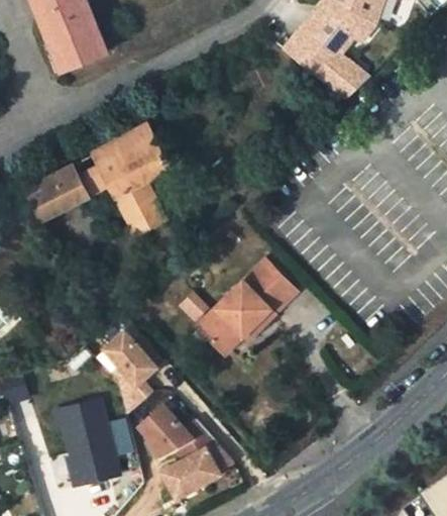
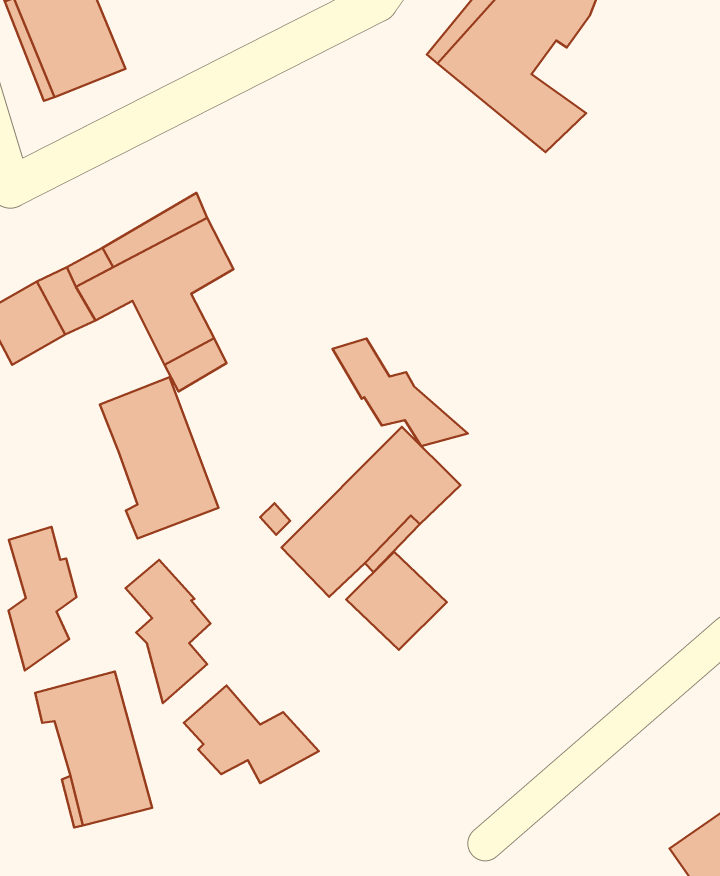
building: none -> [332,339,468,446]
building: none -> [100,377,219,539]
building: none -> [8,527,76,671]
building: none -> [346,552,447,650]
building: [162,442,234,497] -> none

